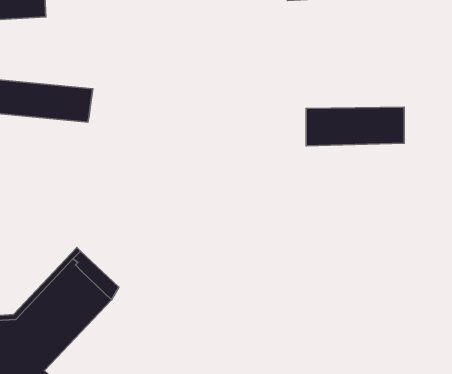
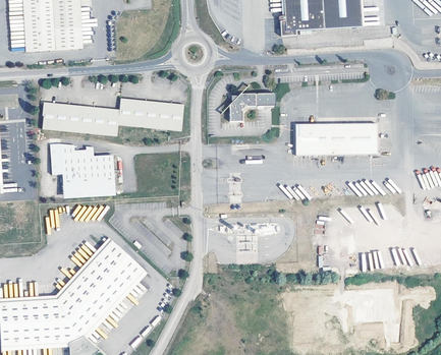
building: none -> [230,94,268,122]
building: none -> [118,97,184,129]
building: none -> [60,142,113,192]

